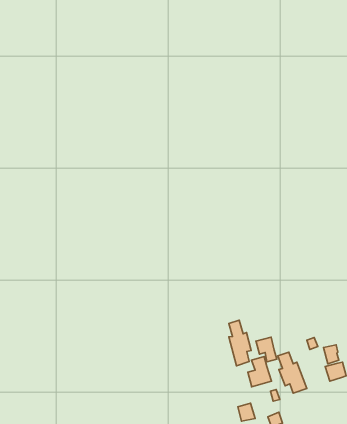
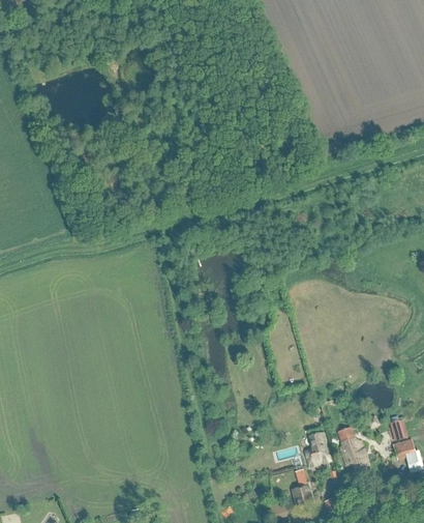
building: [229,320,251,366] -> none
building: [256,337,277,362] -> none

